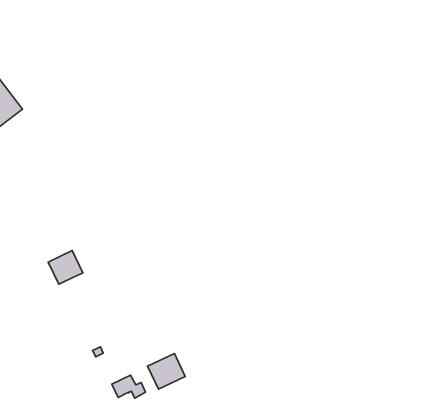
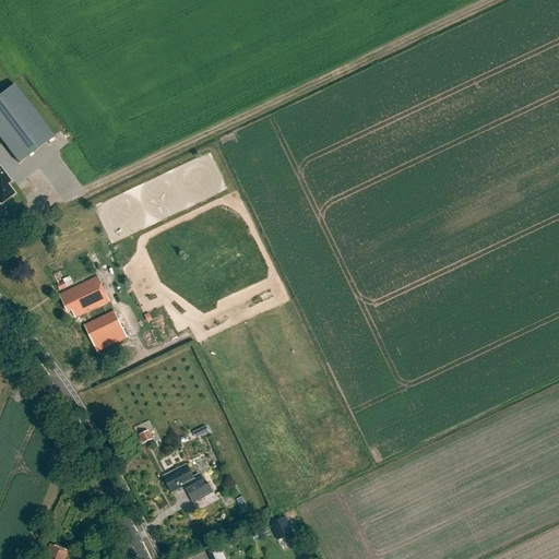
building: none -> [60,275,109,317]
building: [148,353,185,389] -> none

